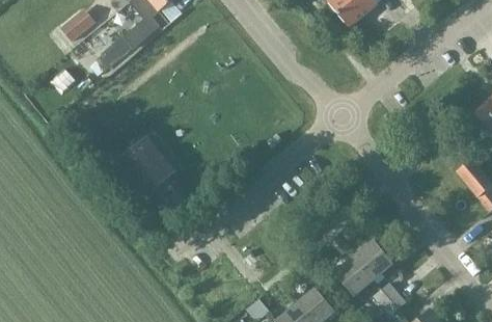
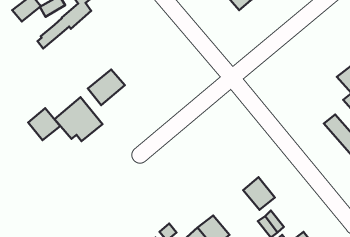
building: none -> [88,69,125,105]
building: none -> [28,108,60,140]
building: [335,256,375,296] -> none

